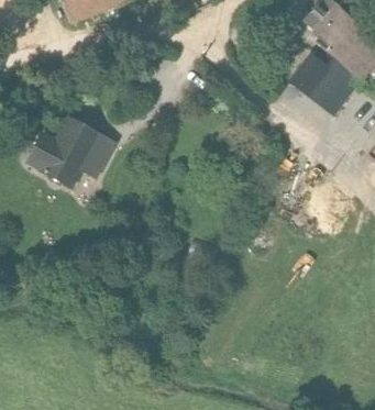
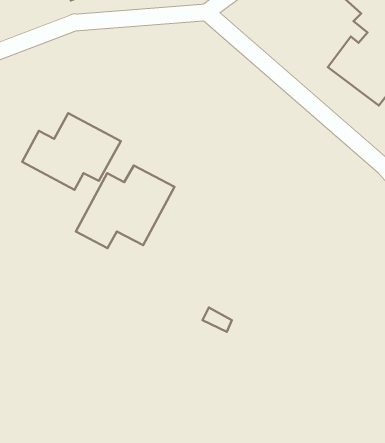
building: none -> [76,166,174,248]

